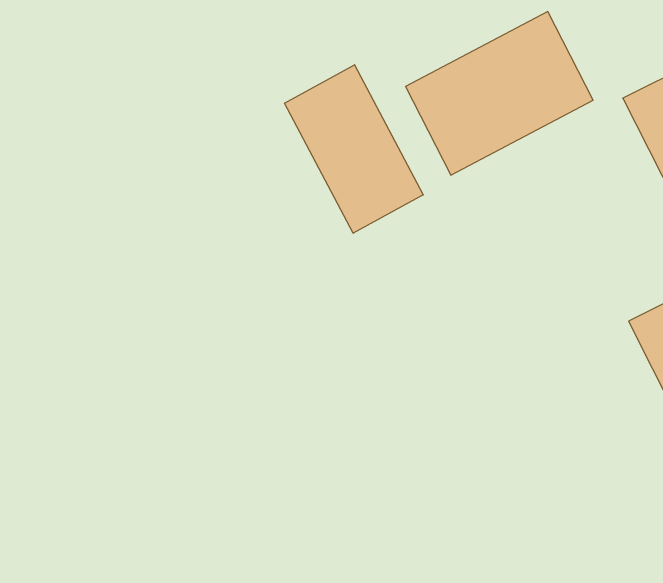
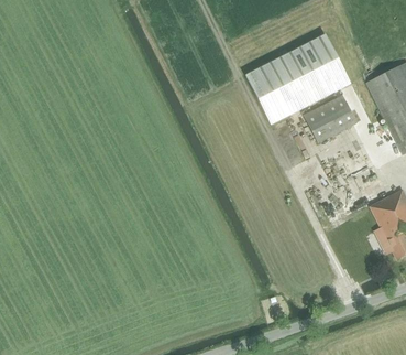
building: [285,65,423,233] -> none
building: none -> [303,95,356,142]

